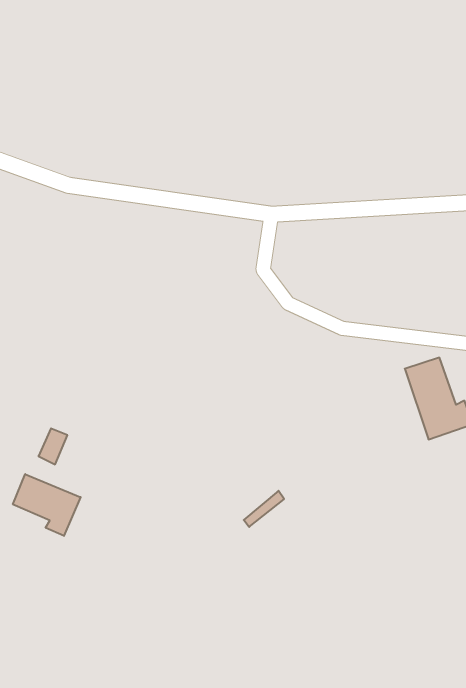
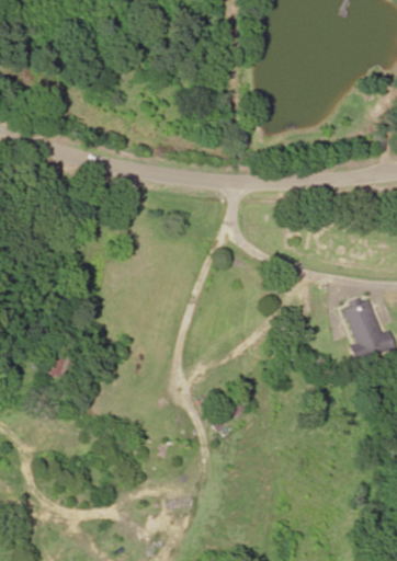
building: [13,474,81,536] -> none

